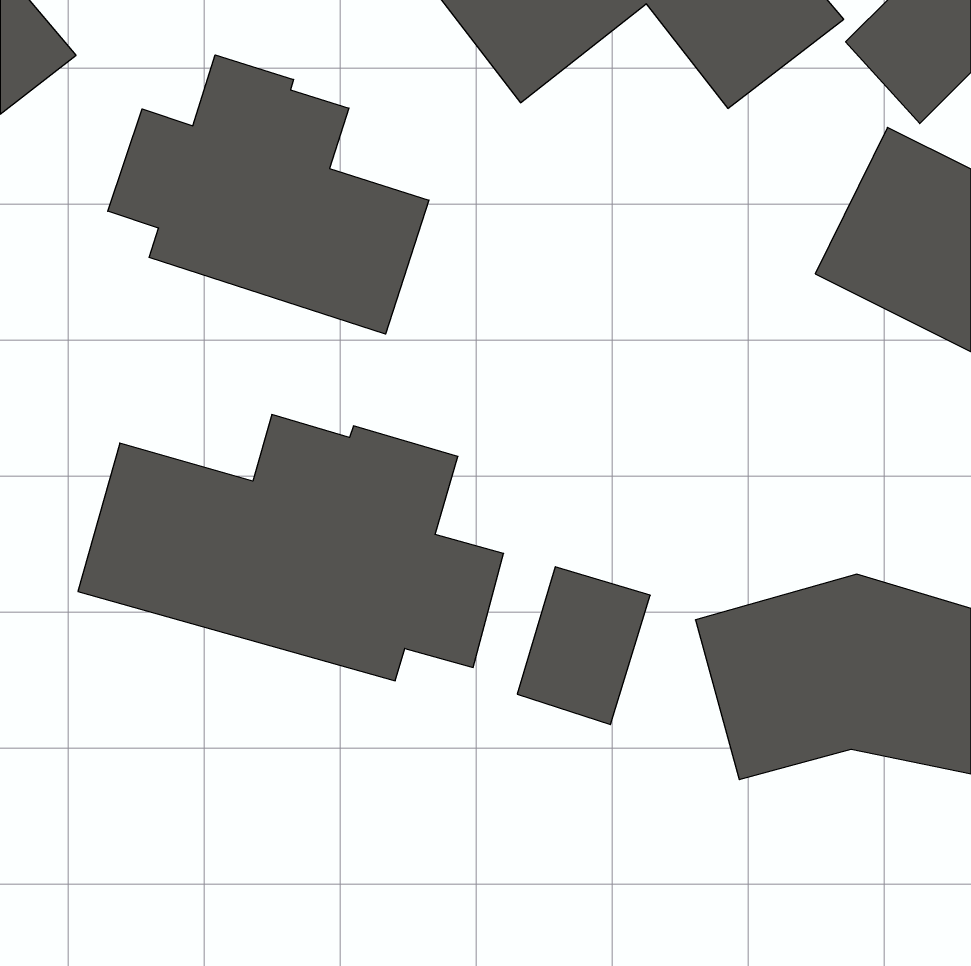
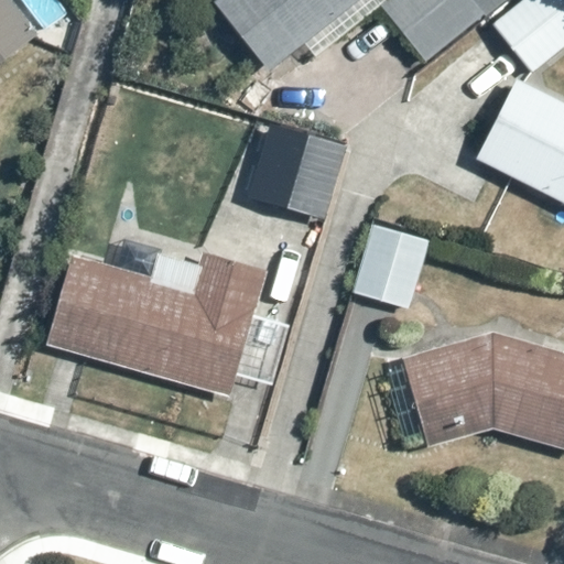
building: [108,55,429,334] -> none
building: none -> [247,117,351,220]
building: [517,567,650,725] -> [354,217,431,308]

